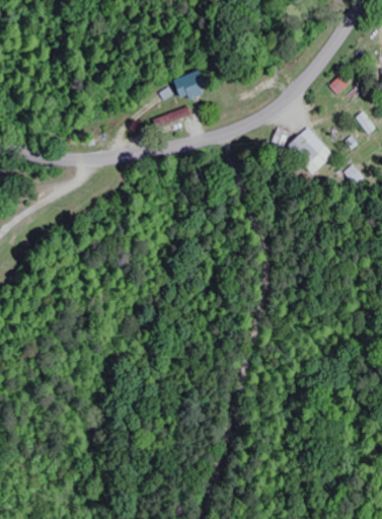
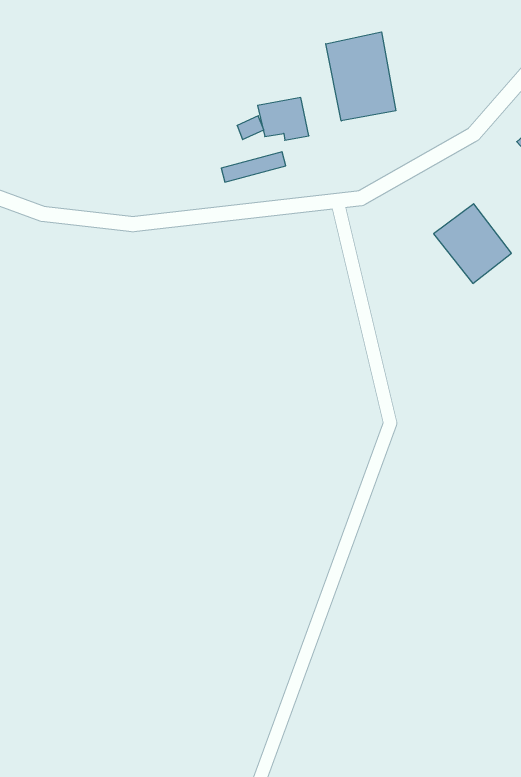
building: none -> [326,32,396,121]

